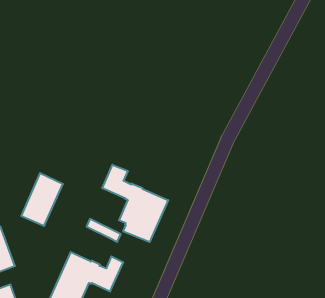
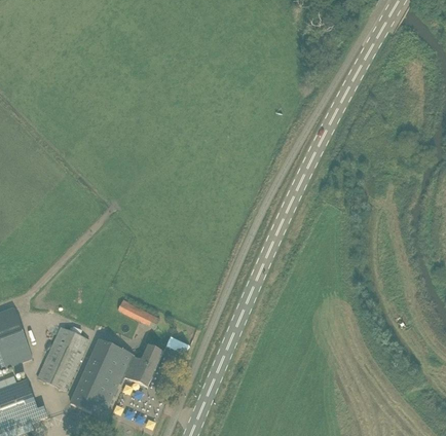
building: [102,165,168,242] -> none
building: [21,173,63,226] -> [37,325,87,389]

